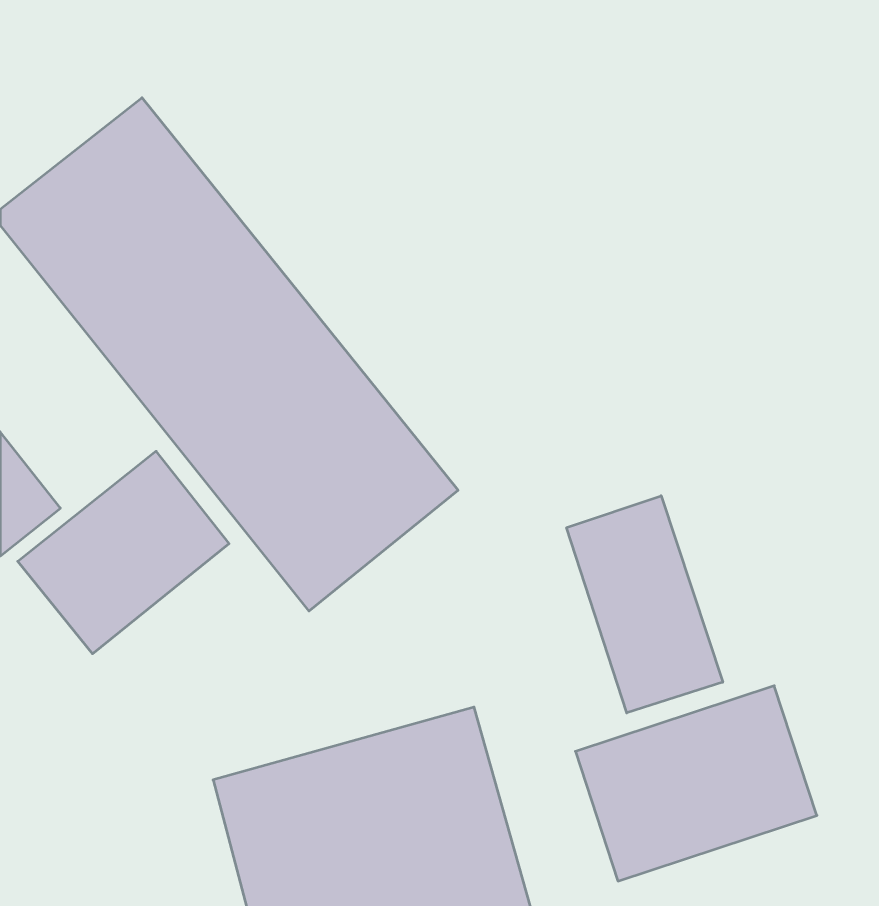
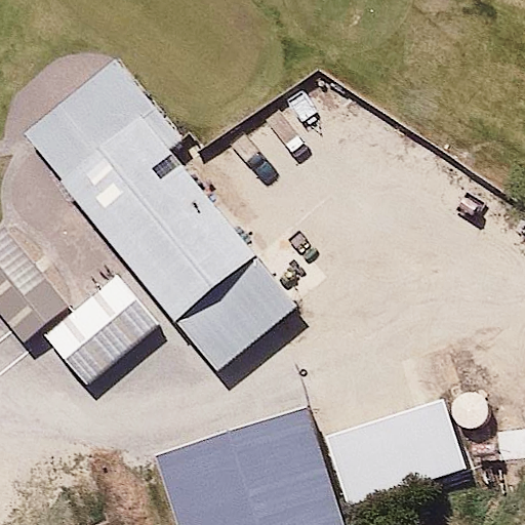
building: [567,496,723,713] -> none

